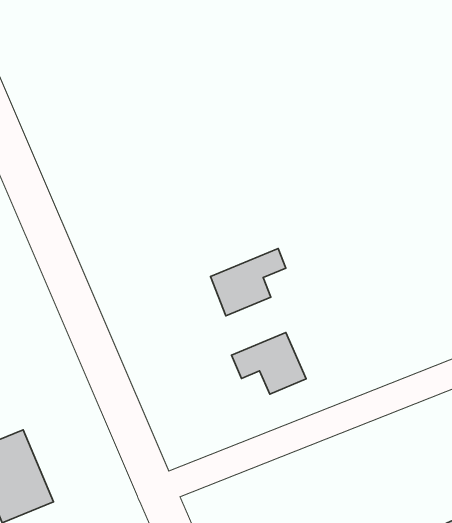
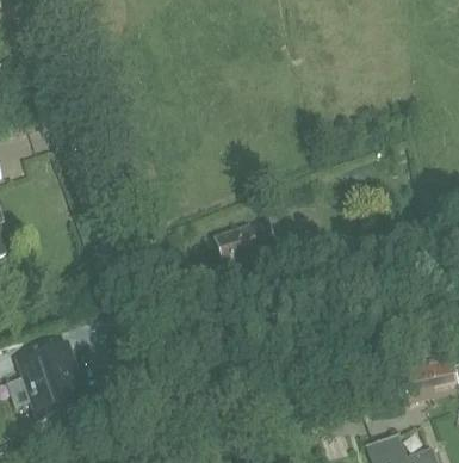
building: [231,333,306,394] -> none

